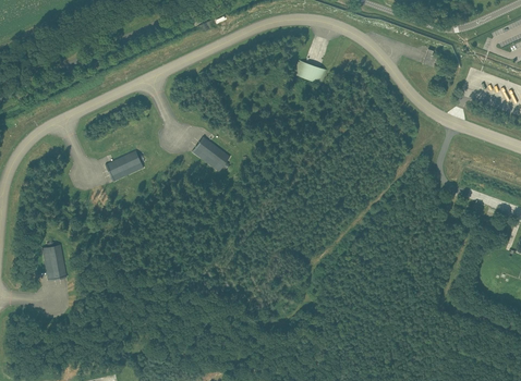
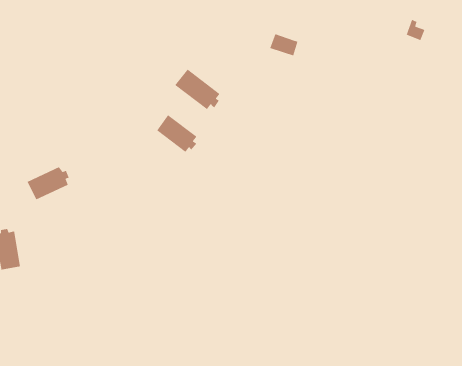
building: none -> [174,69,221,110]
building: [105,150,145,182] -> [26,166,70,200]

